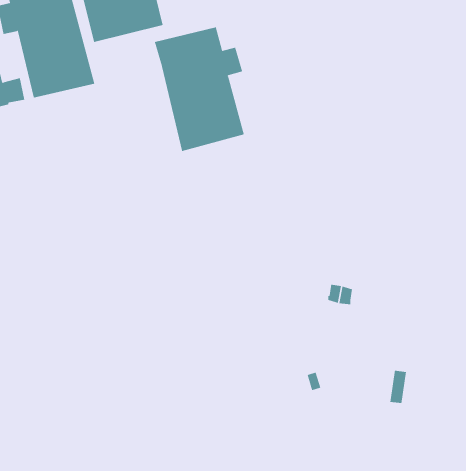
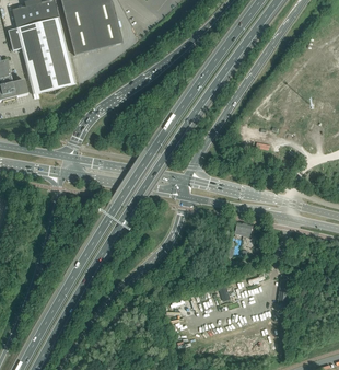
building: [154,27,244,152] -> none

